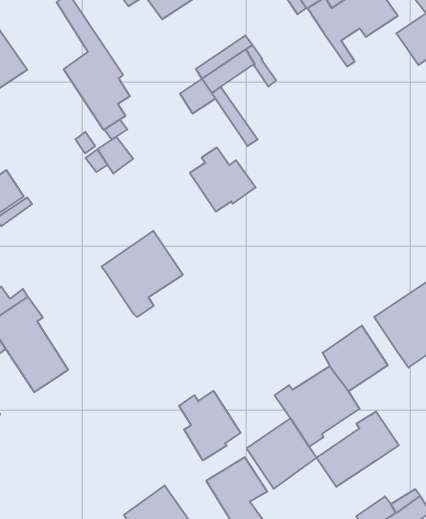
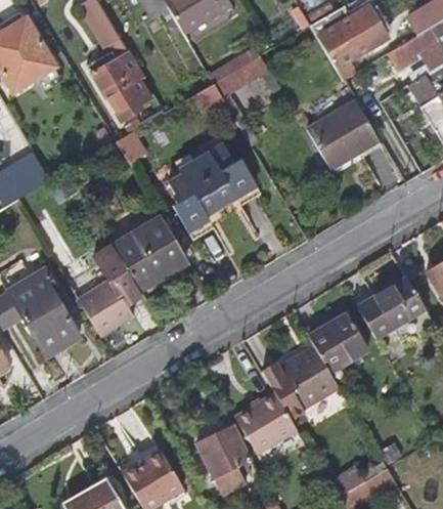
building: none -> [306,98,380,169]
building: none -> [168,167,219,231]
building: none -> [80,253,140,336]
building: [179,391,240,460] -> none
building: [317,411,399,487] -> none

